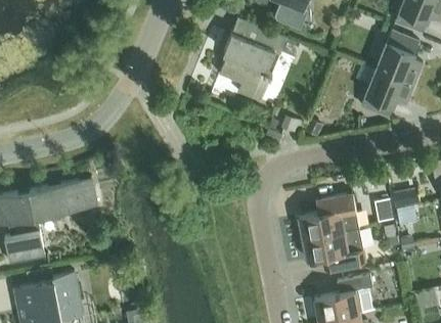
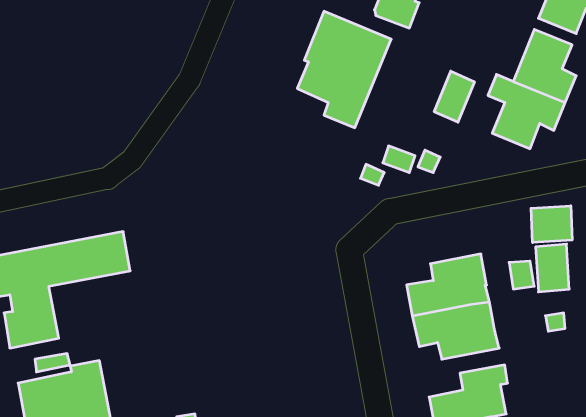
building: none -> [434,71,474,122]
building: none -> [531,206,572,243]

